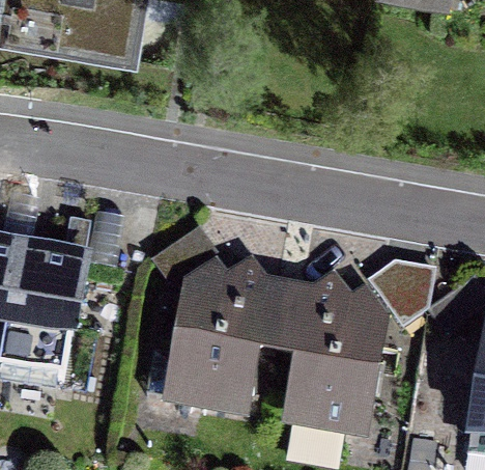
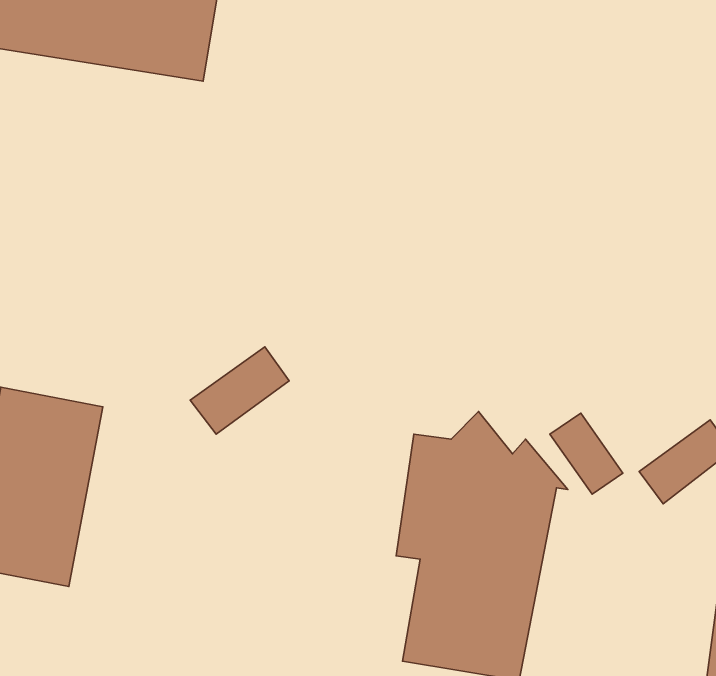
building: [168,252,286,419] -> none

